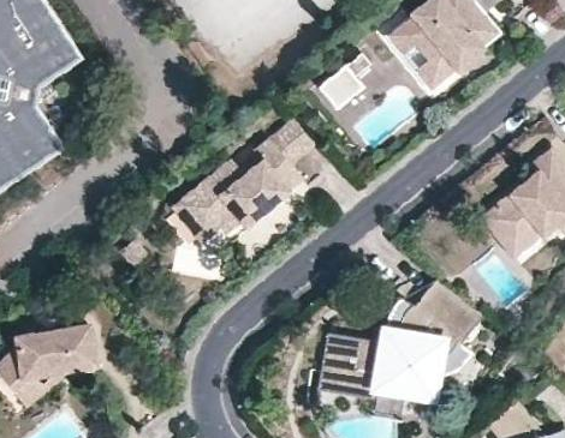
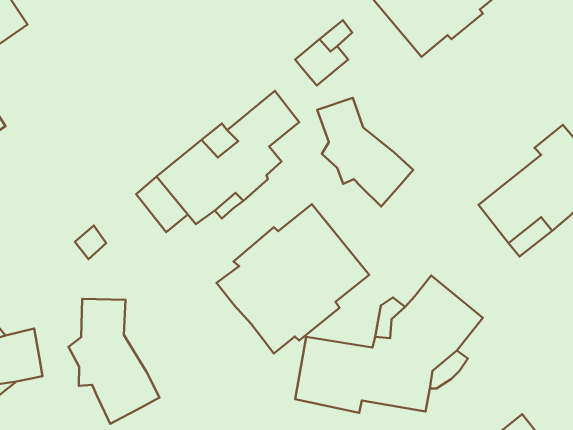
building: none -> [317,98,413,206]
building: none -> [217,204,369,353]
building: none -> [69,299,159,424]

